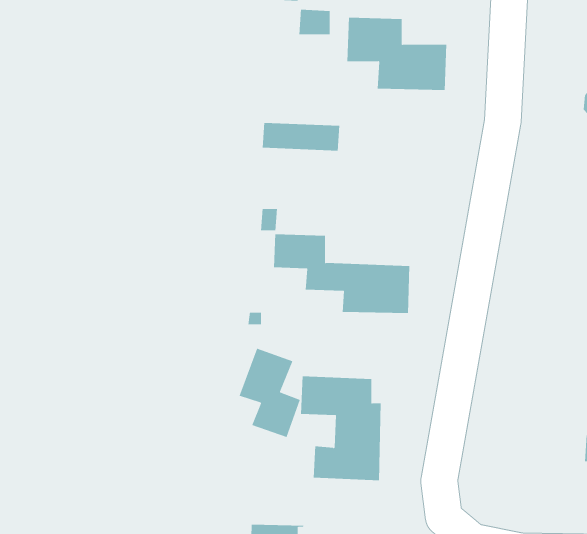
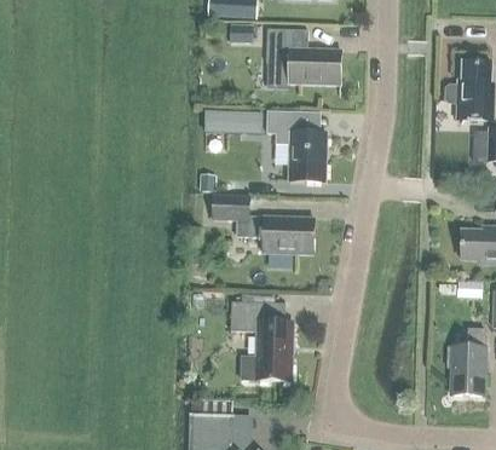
building: none -> [267,109,327,180]
building: [239,348,300,438] -> none

